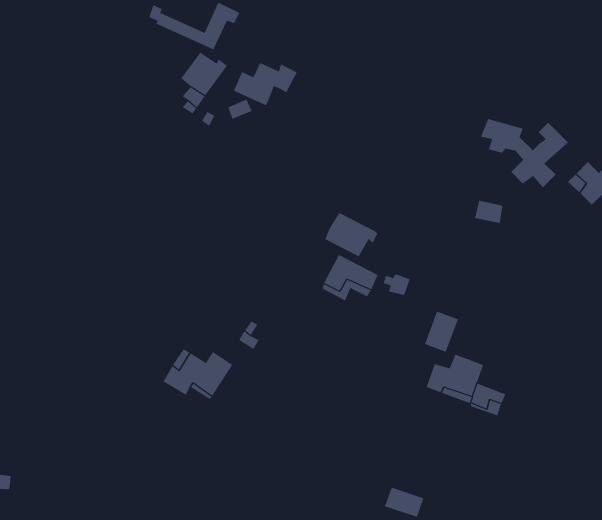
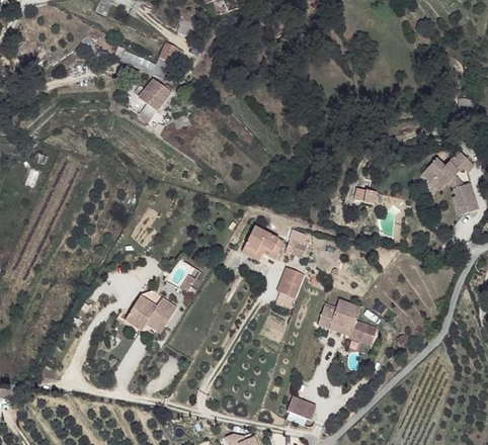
building: [233,62,297,106] -> none
building: [480,118,569,188] -> none
building: [325,212,378,257] -> none
building: [424,311,459,352] -> [279,267,305,297]

